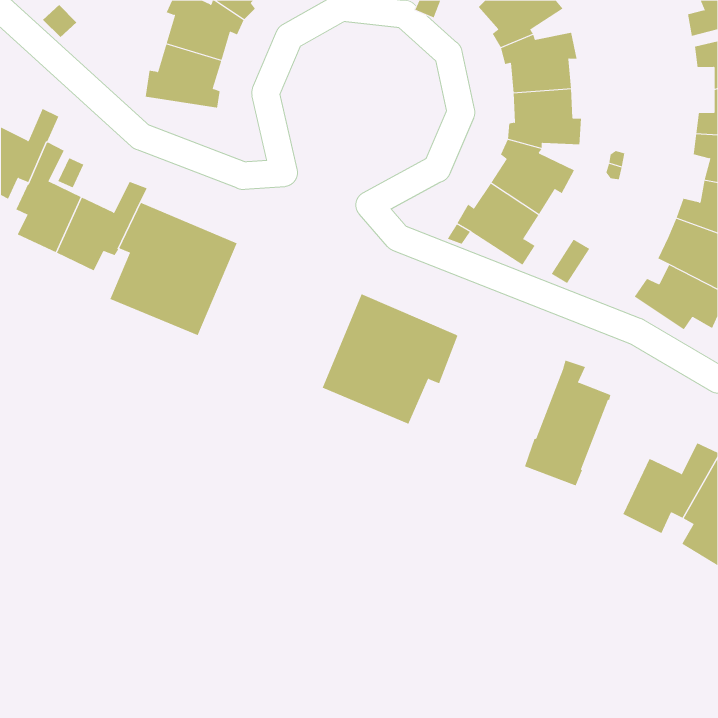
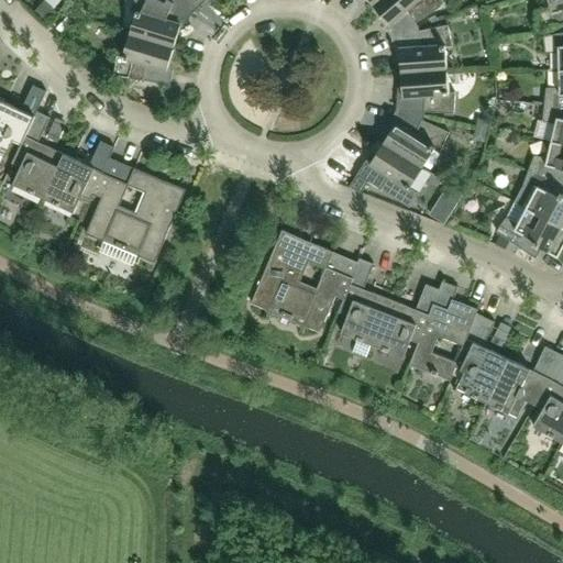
building: none -> [339,258,440,358]
building: none -> [455,313,508,402]

